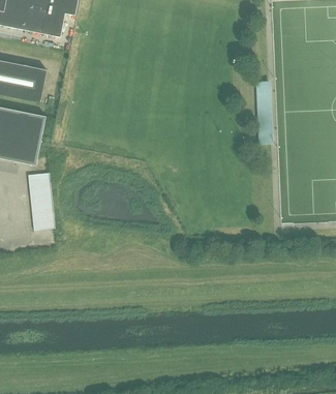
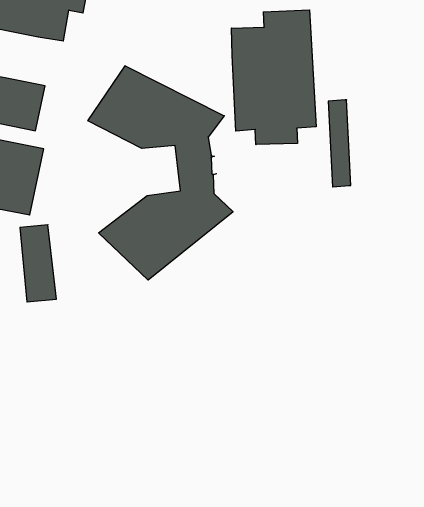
building: none -> [232,10,316,145]
building: none -> [88,66,233,280]

